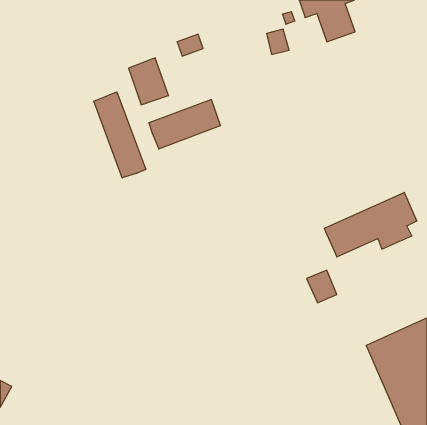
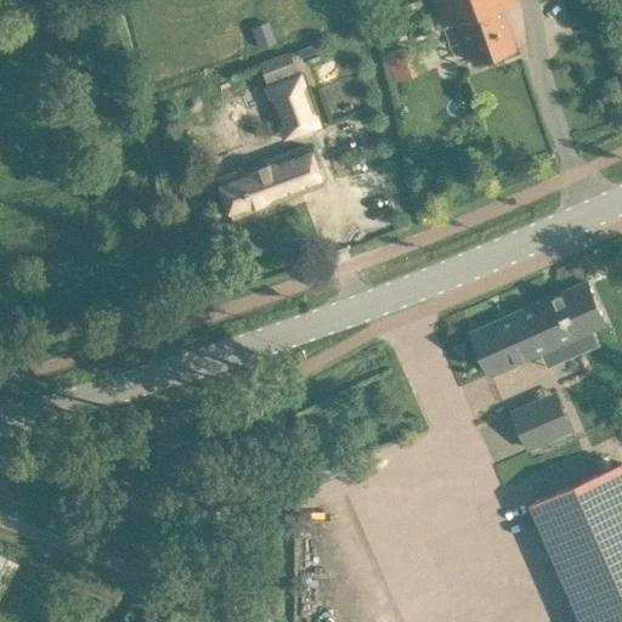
building: [129,58,169,105] -> [262,75,321,143]
building: [94,92,146,178] -> none
building: [307,270,337,303] -> [513,402,556,449]

